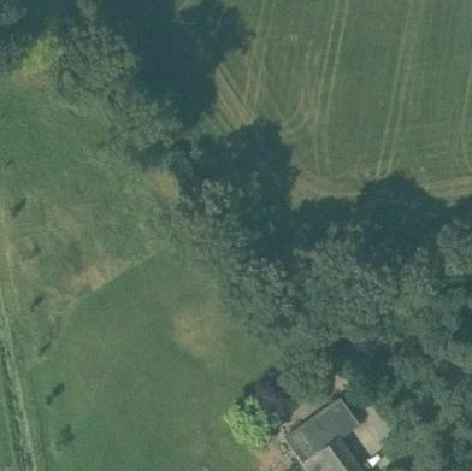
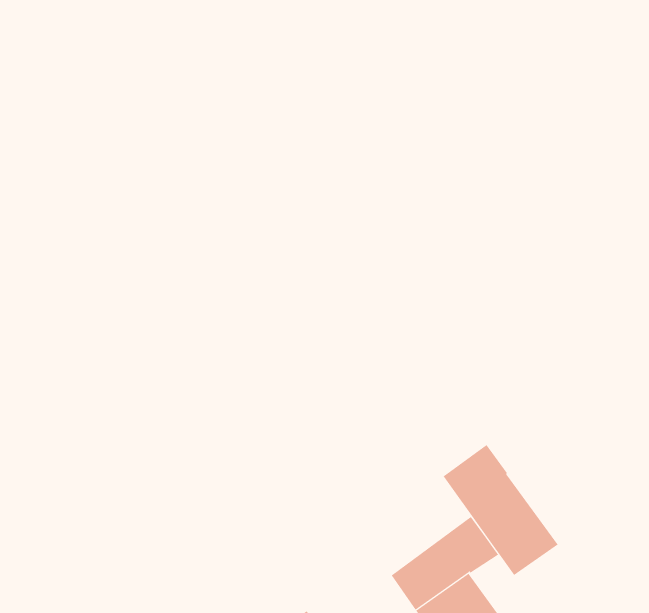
building: none -> [442,444,558,576]

